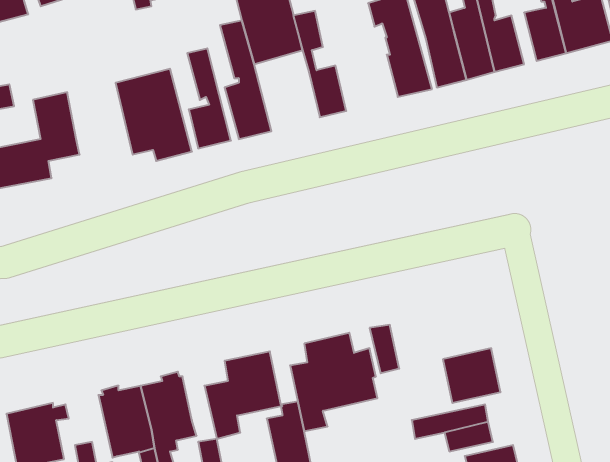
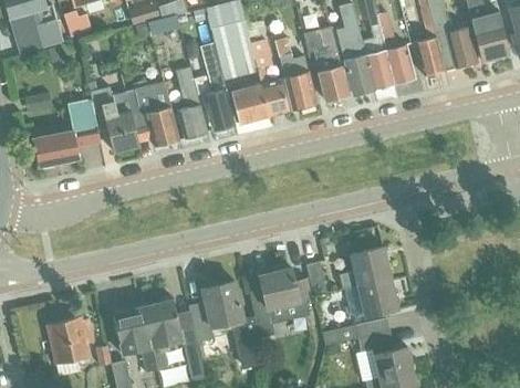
building: none -> [275,36,316,109]
building: none -> [89,81,138,153]
building: none -> [230,83,270,124]
building: none -> [340,248,392,290]

